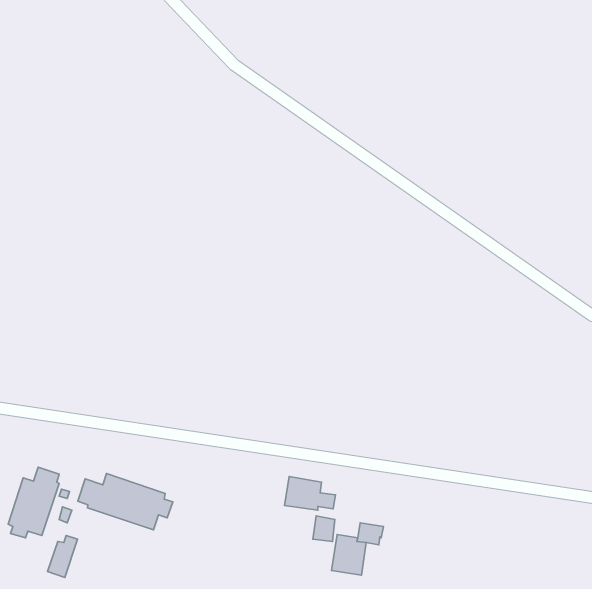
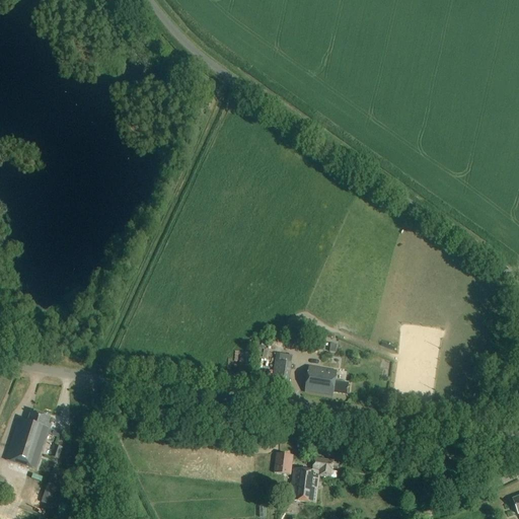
building: none -> [272,359,292,383]
building: [78,474,173,530] -> none
building: [284,476,335,510] -> [305,365,350,394]

